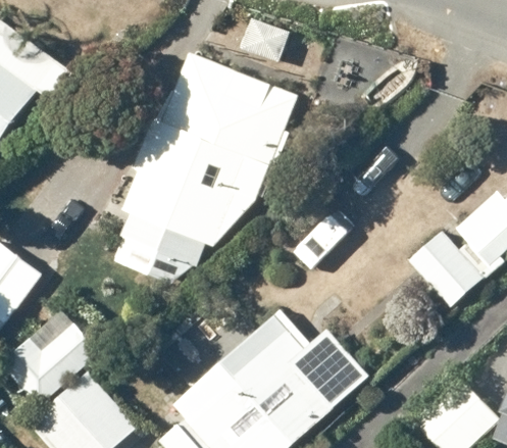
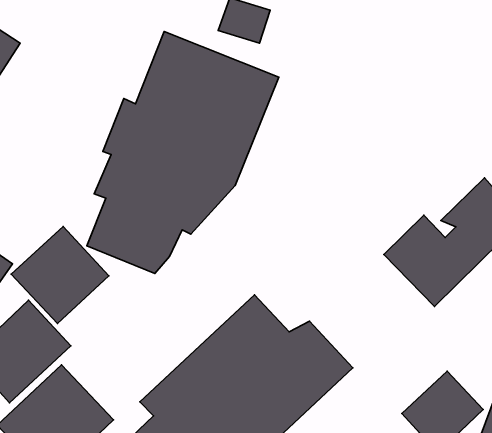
building: none -> [11,227,109,323]

